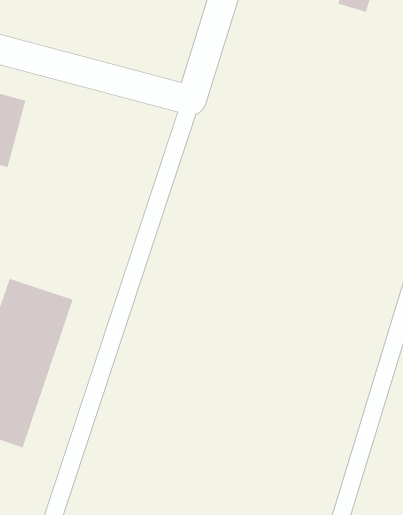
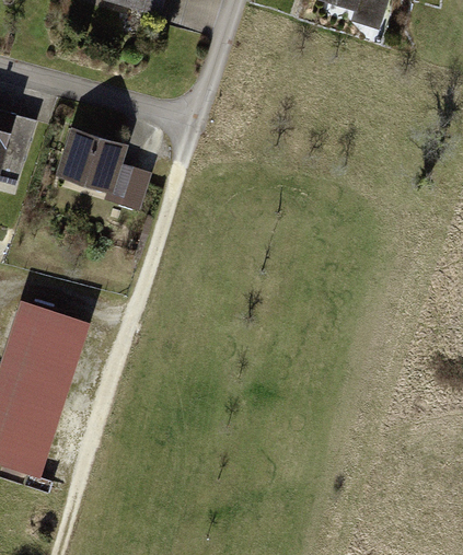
building: none -> [59,129,140,197]

